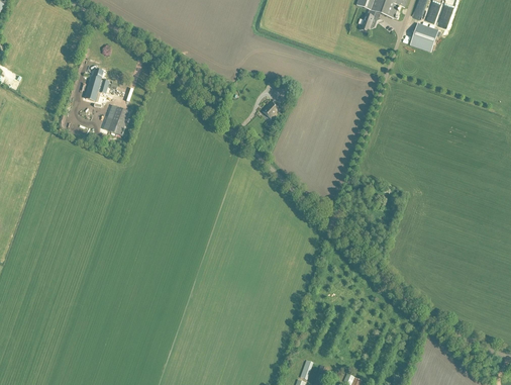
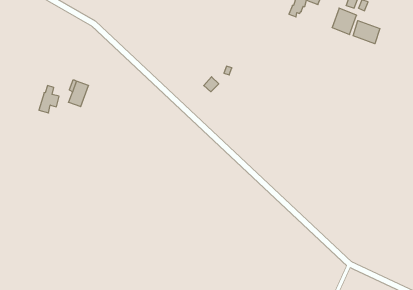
building: none -> [353,21,380,44]
building: [85,68,108,99] -> [39,86,59,113]

